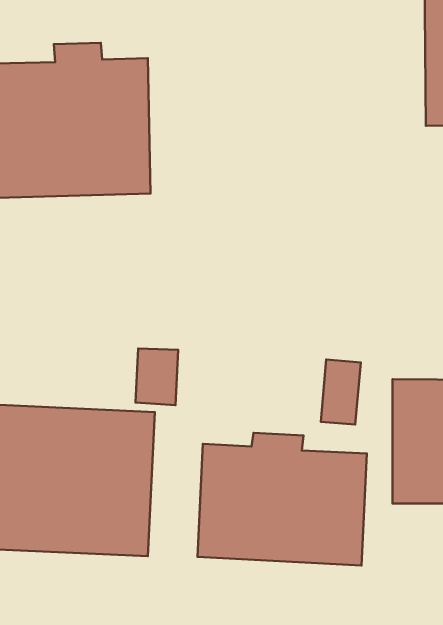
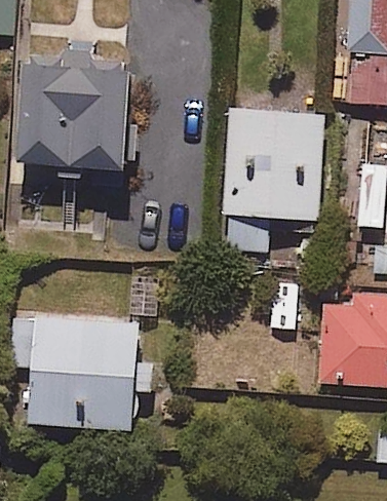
building: none -> [218,111,319,252]
building: [198,433,367,565] -> none

